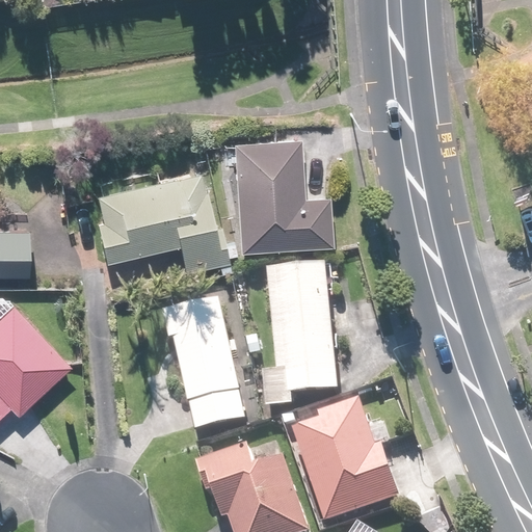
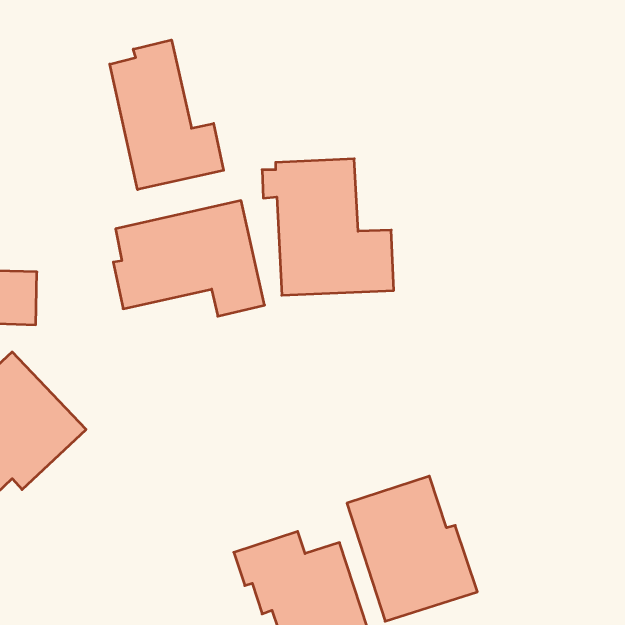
building: none -> [110,40,224,190]
building: [264,267,340,415] -> none
building: [163,300,248,436] -> none

